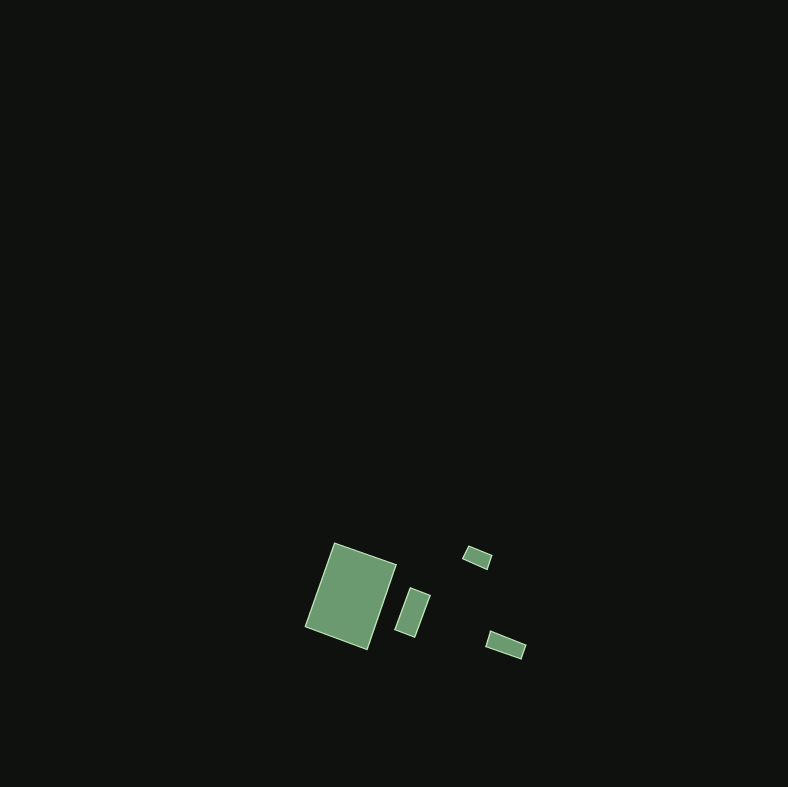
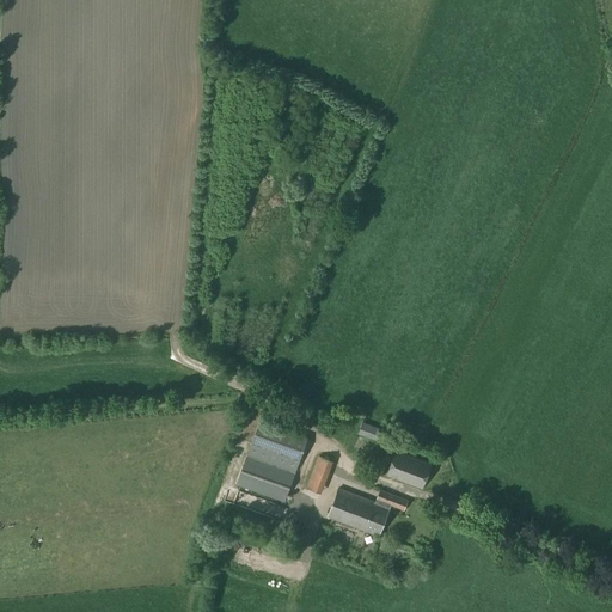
building: none -> [386,451,432,491]
building: none -> [328,490,390,537]

